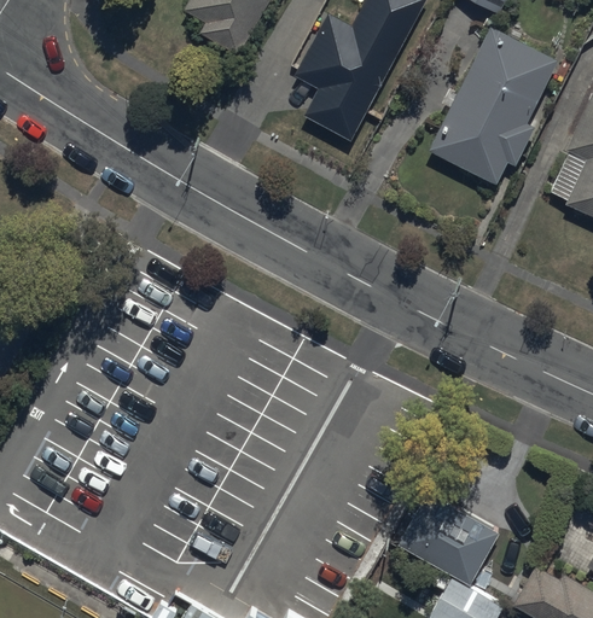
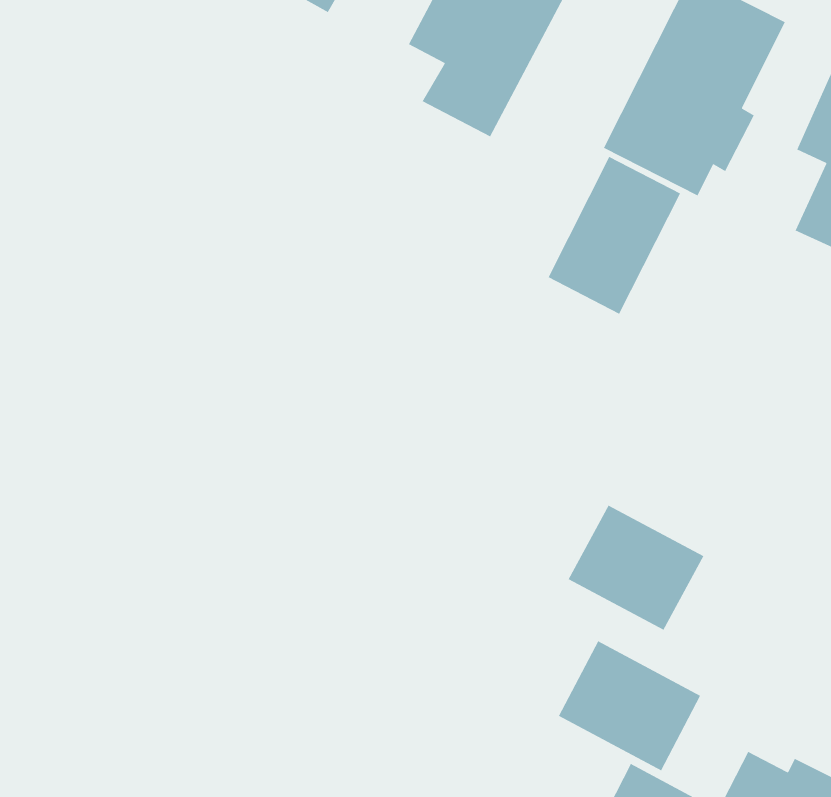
building: none -> [548,156,681,315]
building: none -> [567,505,704,631]

